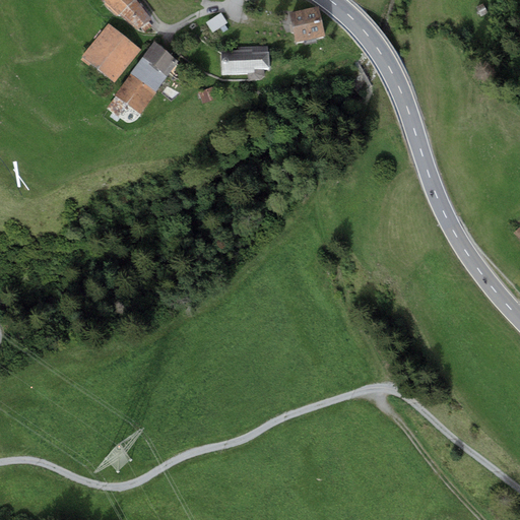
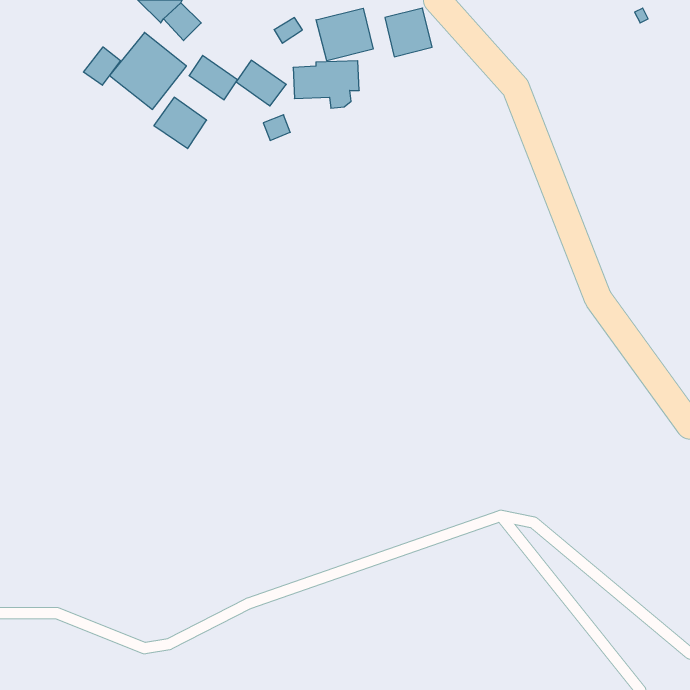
building: none -> [316,8,373,61]
building: none -> [83,47,121,85]
building: [131,57,169,91] -> [236,60,286,106]

